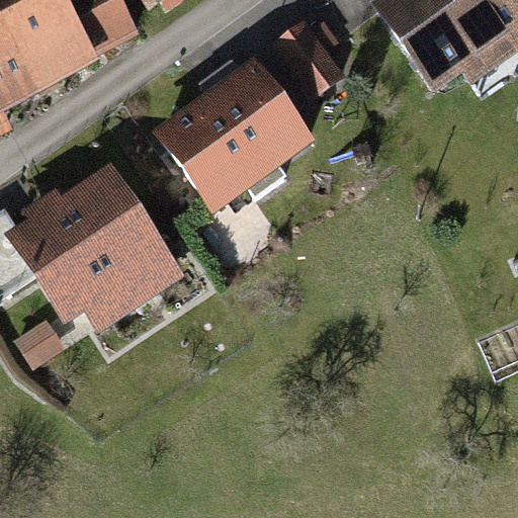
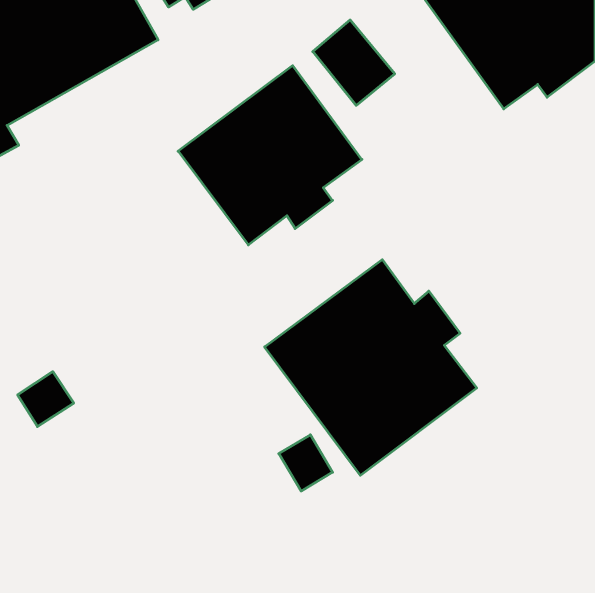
building: [8,162,188,331] -> none
building: none -> [265,260,477,475]

